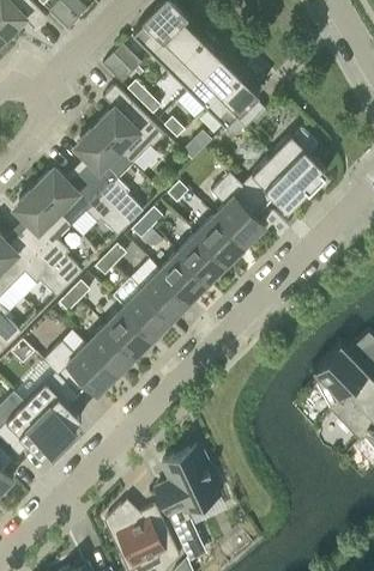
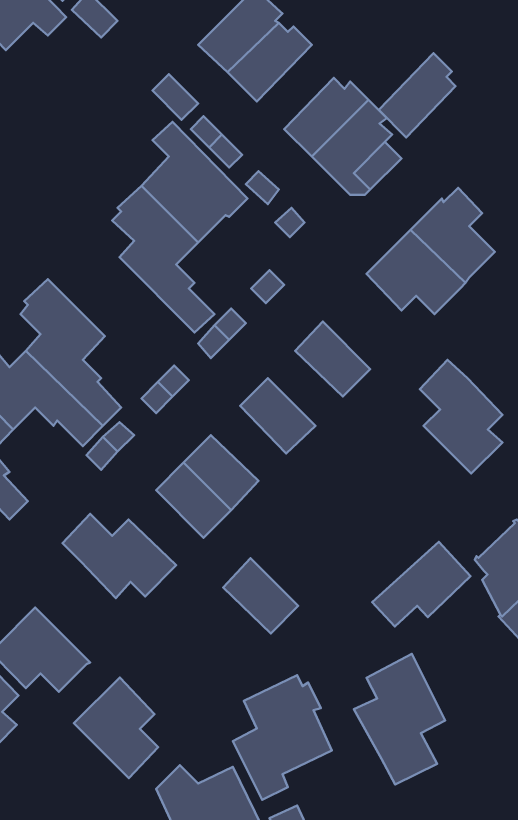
building: [170,35,221,90] -> [379,53,456,137]
building: [34,170,129,236] -> none
building: [211,172,265,247] -> [420,360,502,474]
building: [177,235,227,284] -> none
building: [140,271,189,320] -> none
building: [86,326,135,375] -> [223,558,298,633]
building: none -> [372,542,471,627]
building: [25,372,80,438] -> [74,677,158,778]
building: none -> [354,654,445,784]

